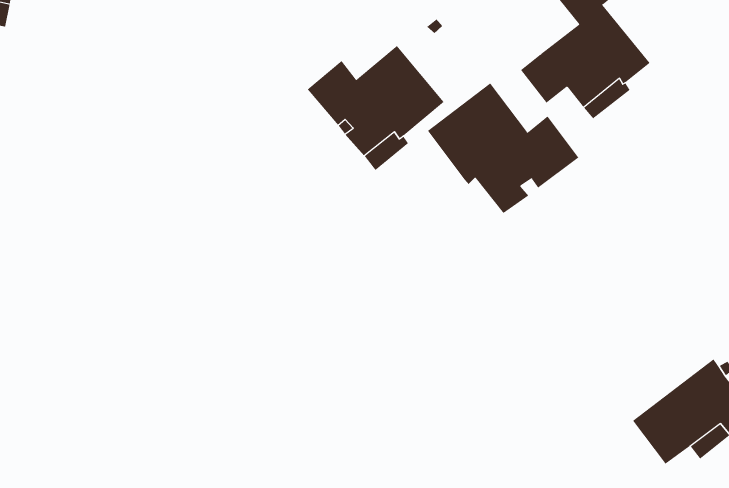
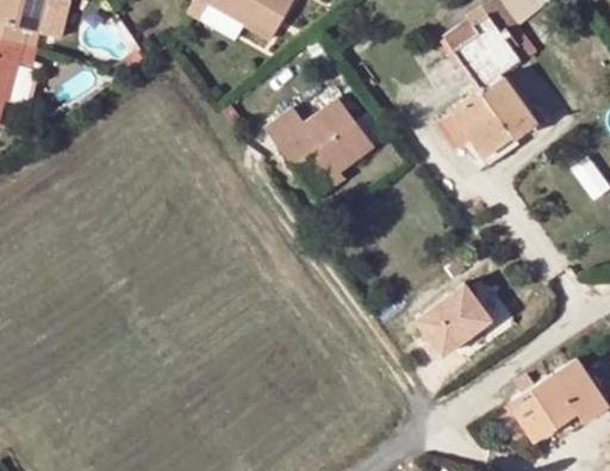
building: [427,83,579,214] -> none
building: none -> [411,275,493,354]

